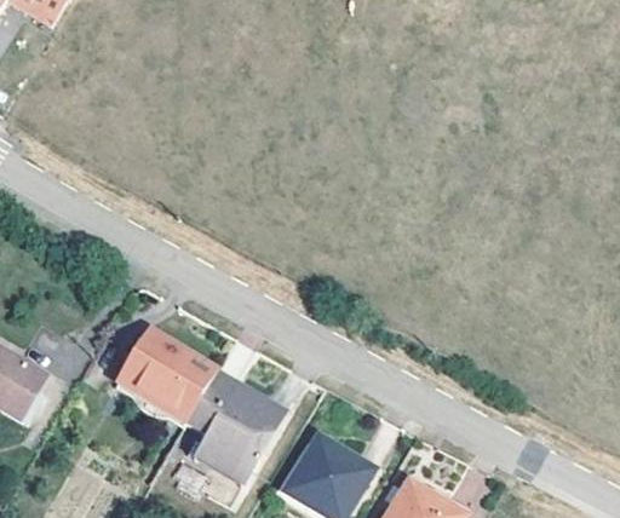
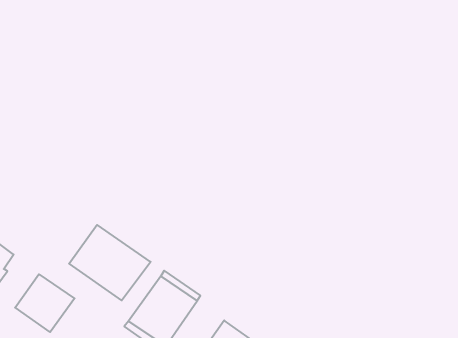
building: none -> [15,274,75,332]

